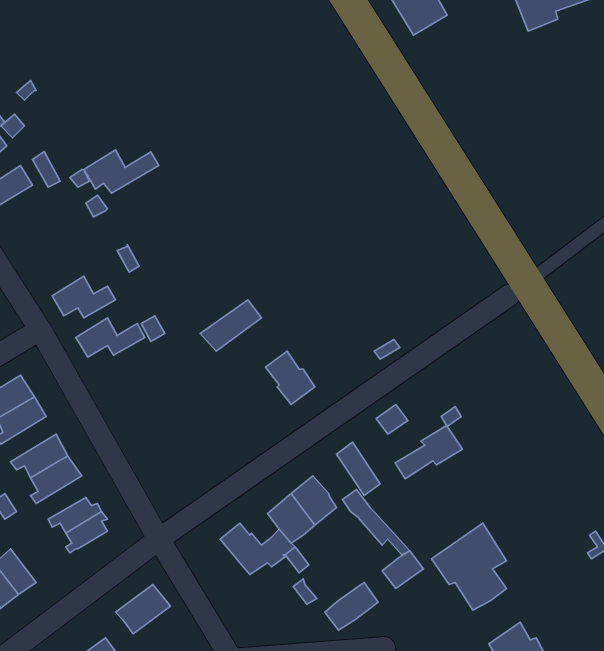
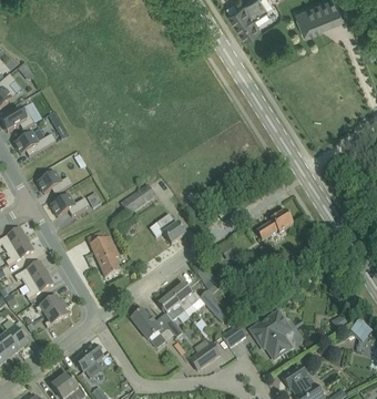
building: [84,150,159,193] -> [13,131,55,155]
building: none -> [86,228,120,275]
building: [395,425,462,479] -> [255,208,293,238]

